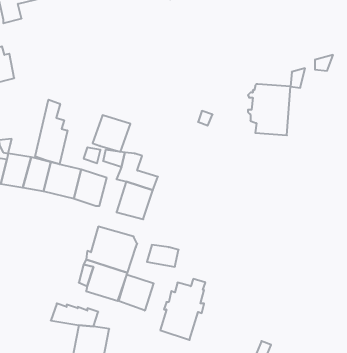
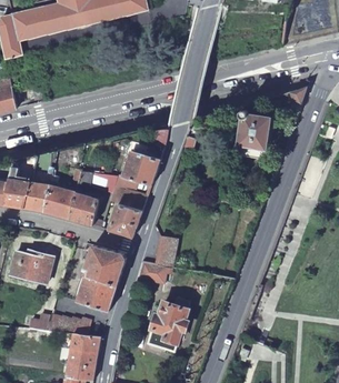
building: [35,100,67,164] -> none
building: [93,115,130,152] -> [124,152,159,185]
building: none -> [156,235,177,266]
building: none -> [12,249,56,284]
building: [119,275,154,311] -> none

